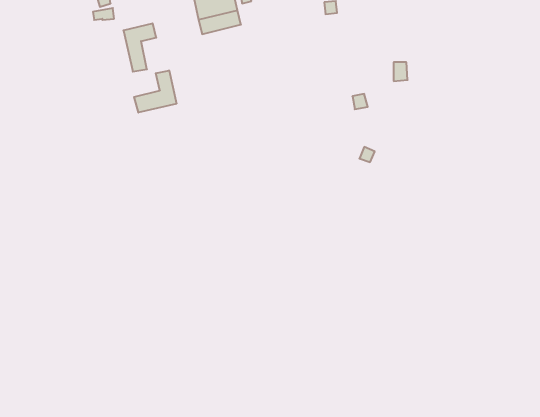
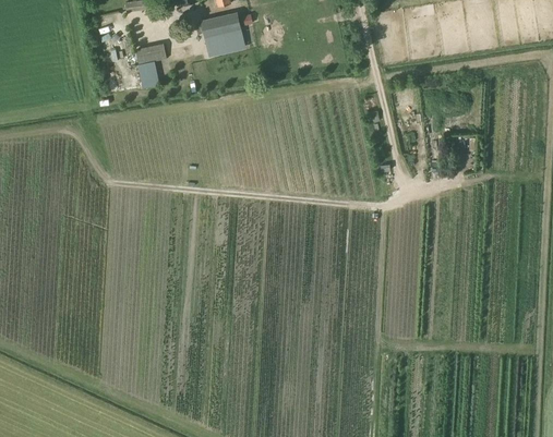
building: [134,70,176,113] -> none

